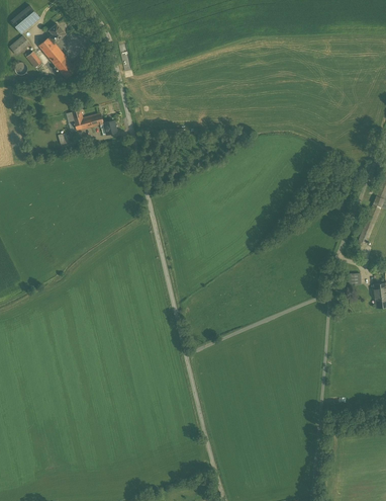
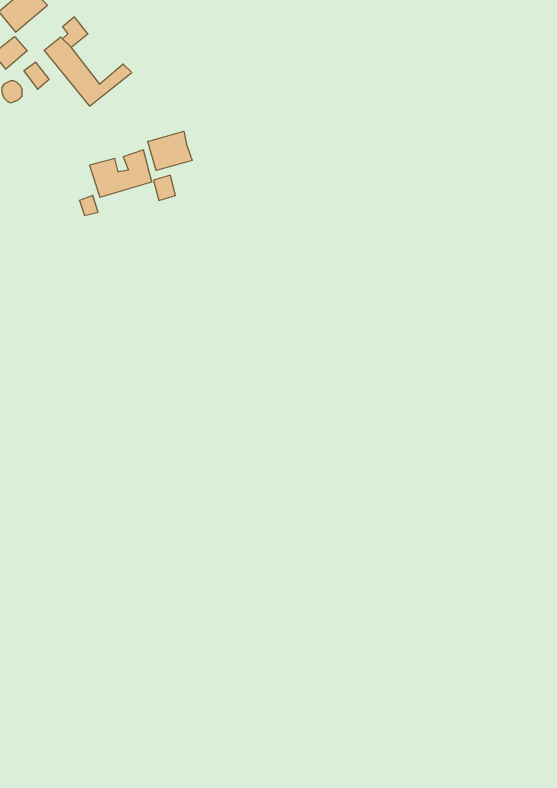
building: none -> [148,131,192,170]

